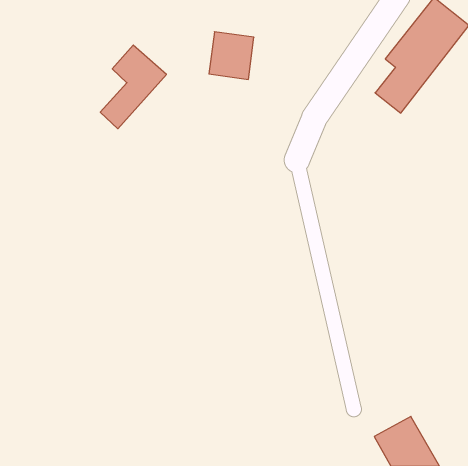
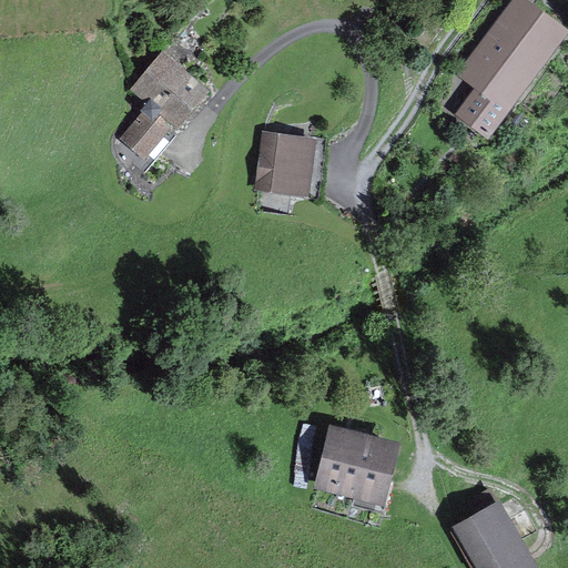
building: [209,32,254,79] -> [258,138,313,195]
building: none -> [312,425,400,507]

